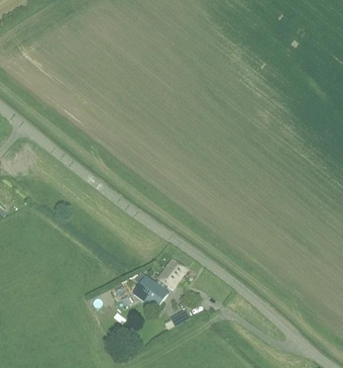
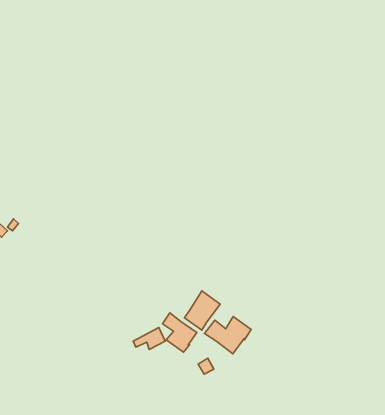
building: none -> [205,317,251,354]

